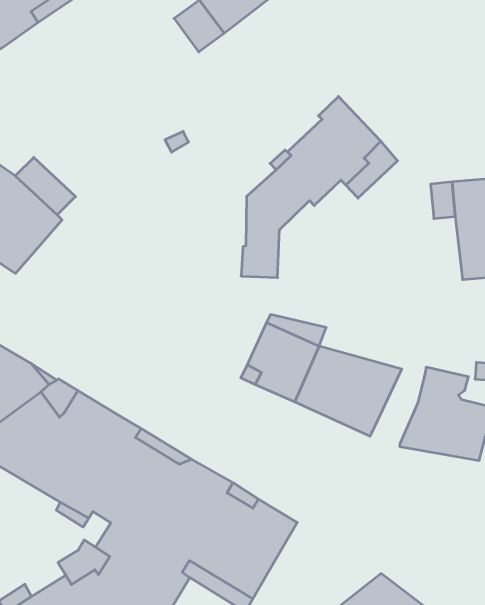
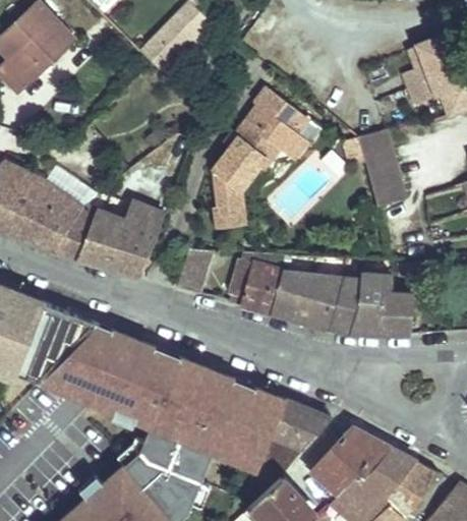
building: none -> [55,202,165,277]
building: none -> [177,249,212,293]
building: none -> [330,278,361,332]
building: none -> [272,400,332,450]

